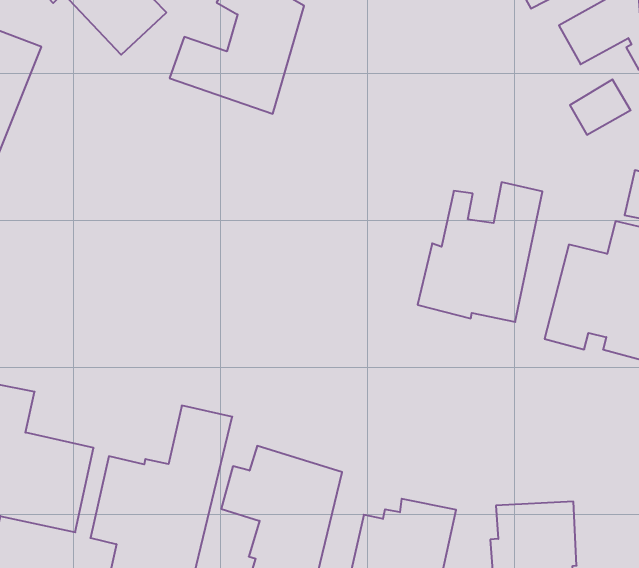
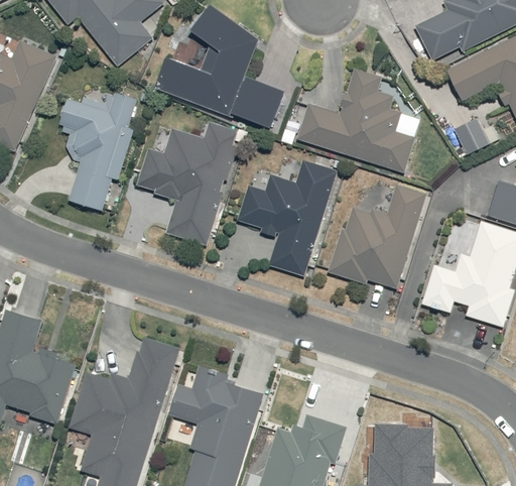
building: none -> [297,71,419,174]
building: none -> [235,80,283,127]
building: none -> [61,88,135,211]
building: none -> [136,121,234,247]
building: none -> [236,161,340,274]

